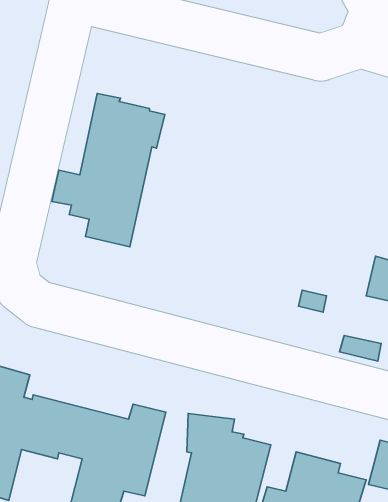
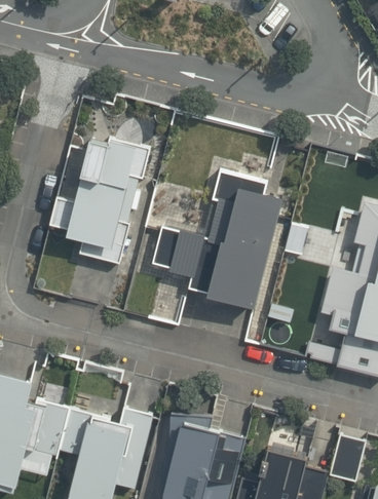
building: none -> [153,172,281,306]

